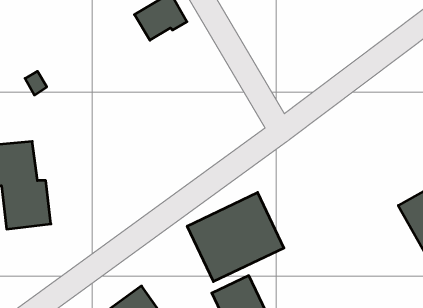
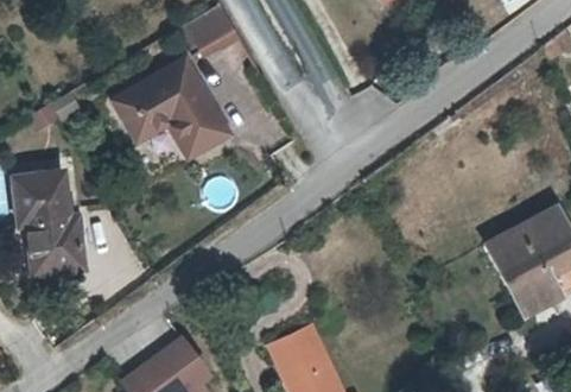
building: none -> [114,61,228,156]
building: [187,192,284,282] -> none

